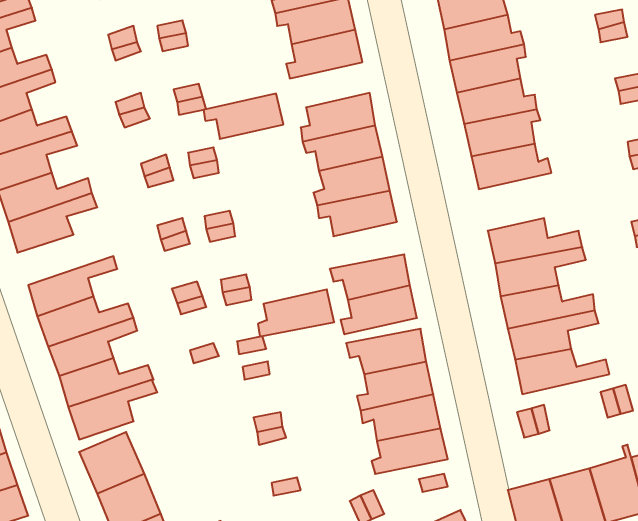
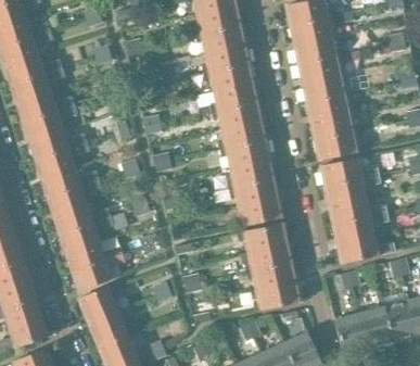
building: [203,94,283,139] -> [204,64,252,91]
building: none -> [317,130,361,159]
building: none -> [41,167,99,198]
building: [258,289,334,337] -> [227,160,272,188]

